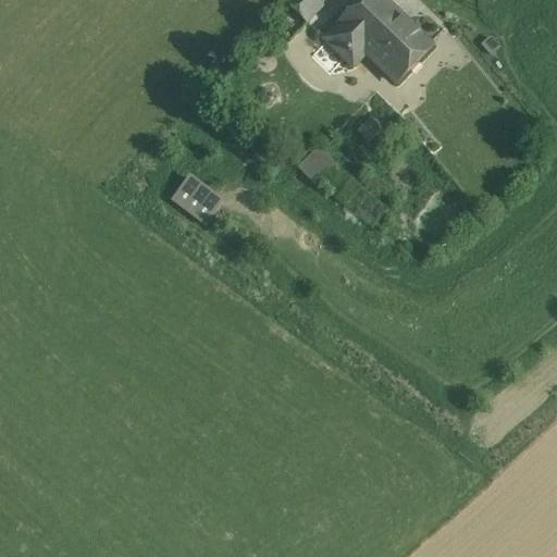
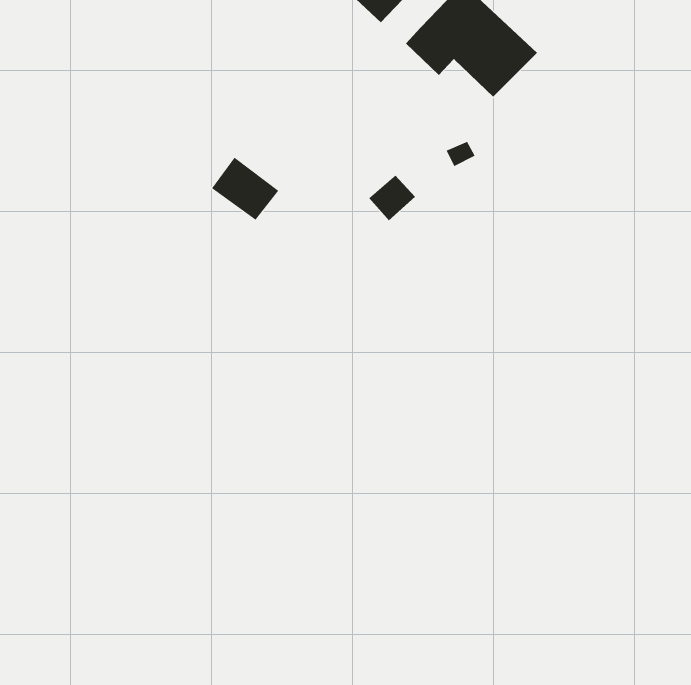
building: [171,175,225,226] -> [211,157,279,221]

